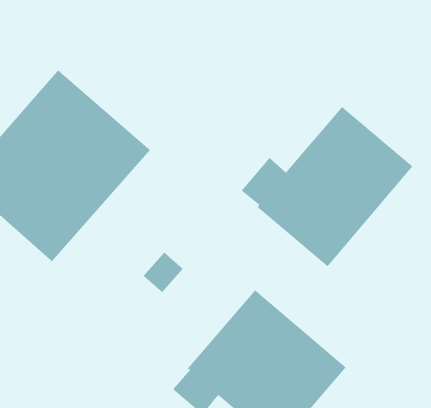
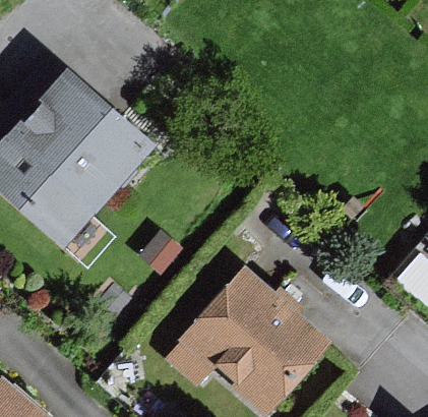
building: [241,106,413,267] -> none

